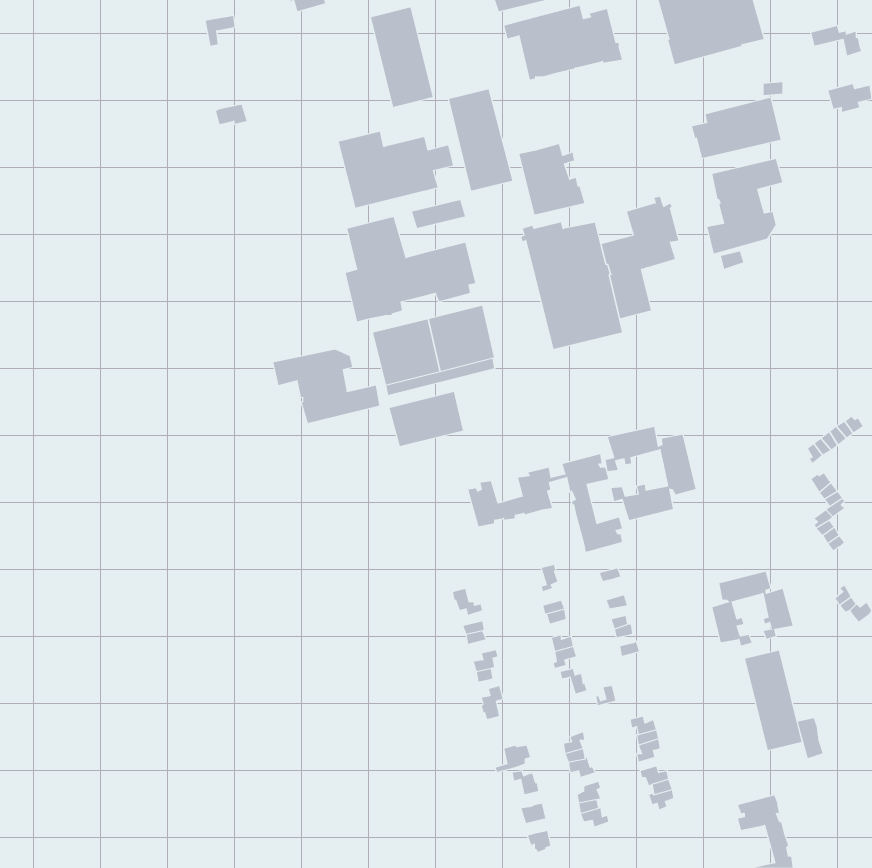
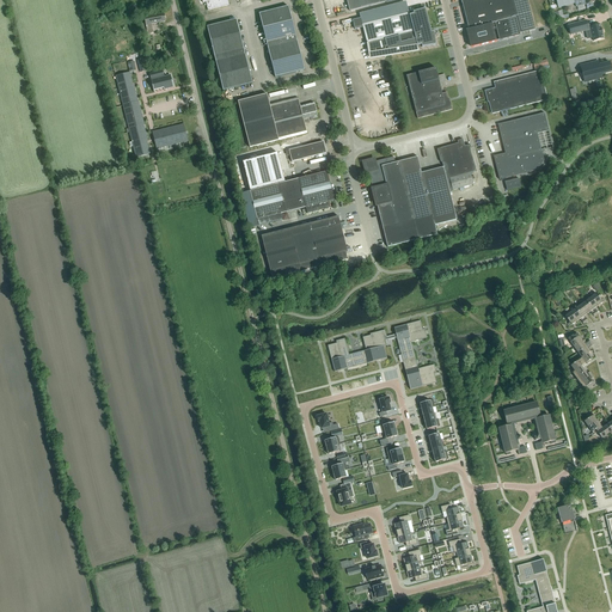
building: [448,89,513,191] -> [207,17,252,88]
building: none -> [116,73,149,152]
building: [519,143,585,215] -> [406,66,453,116]
building: none -> [154,122,188,147]
building: [273,349,380,424] -> none
building: [389,391,463,447] -> none
building: [605,426,696,521] -> none
building: [744,650,802,751] -> none

